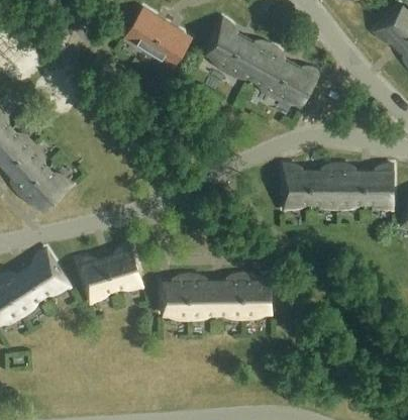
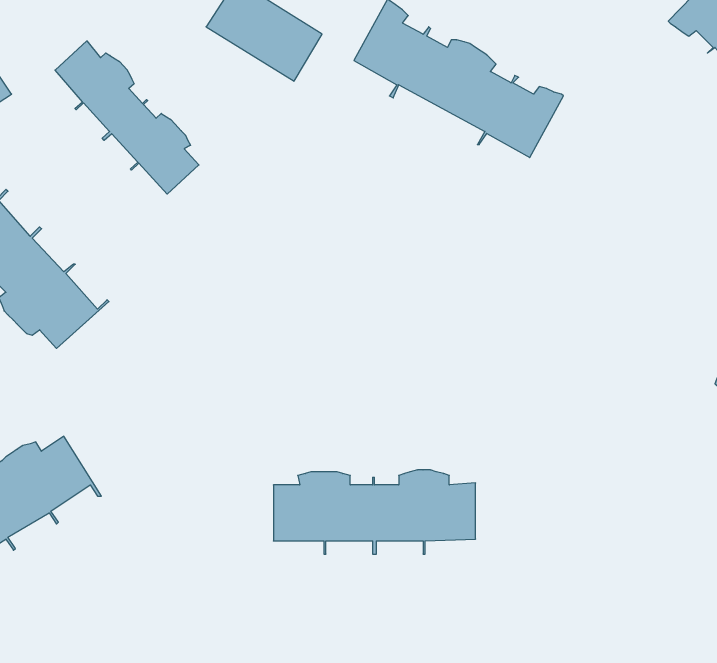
building: none -> [55,41,199,194]
building: [285,165,395,211] -> none
building: [78,244,143,304] -> none

